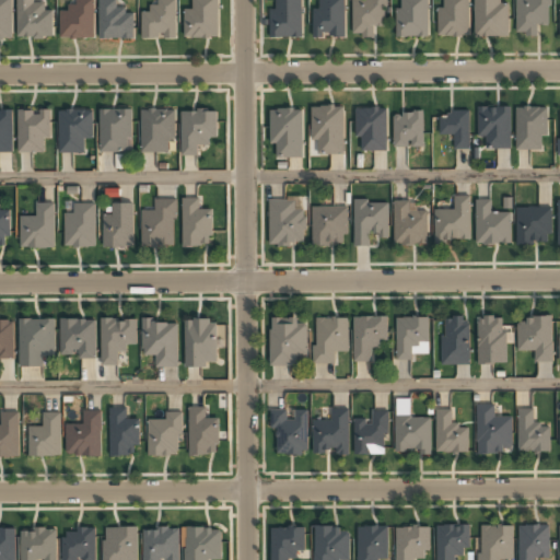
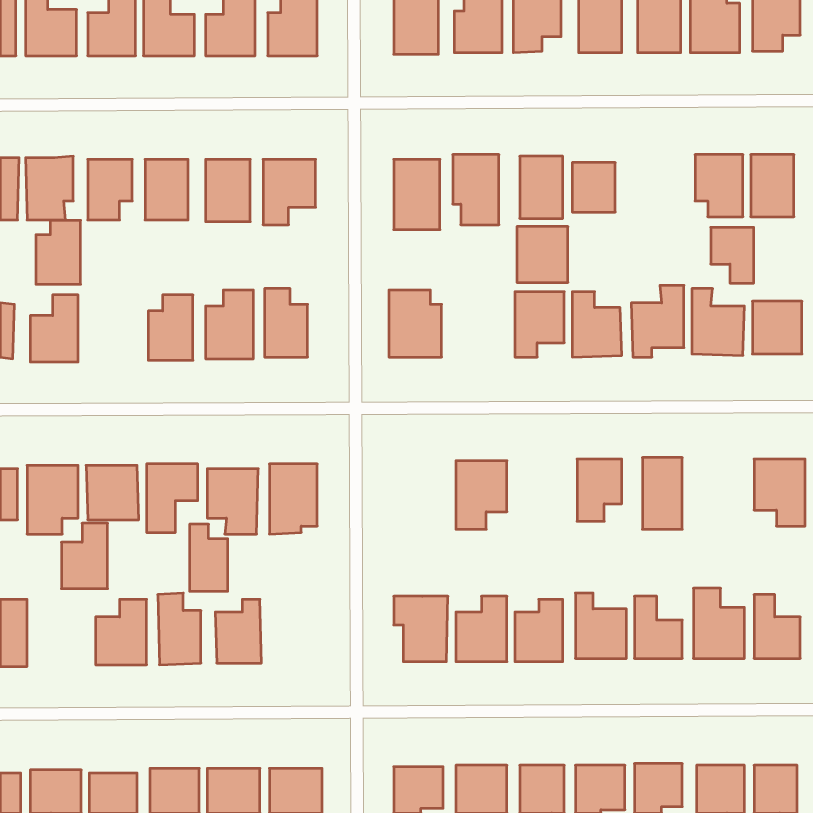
building: [440,109,469,148] -> [711,227,754,283]
building: [65,203,95,247] -> [36,220,81,284]
building: [312,207,347,245] -> [517,227,568,282]
building: [479,314,506,363] -> none
building: [353,315,388,361] -> none
building: [270,317,306,365] -> none
building: [191,408,218,454] -> [190,524,228,591]
building: [30,412,61,457] -> [61,523,108,589]

